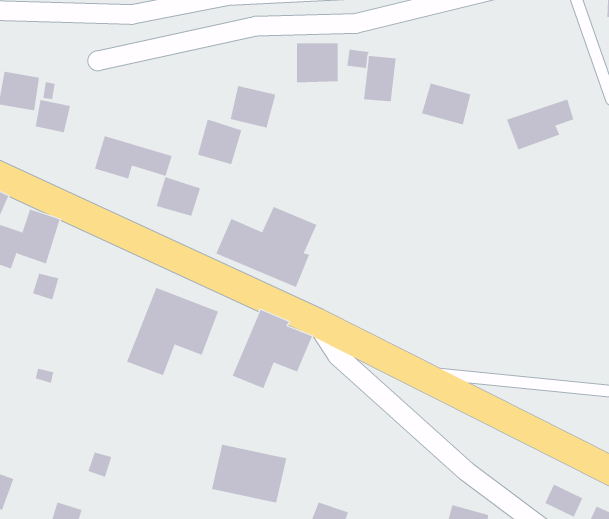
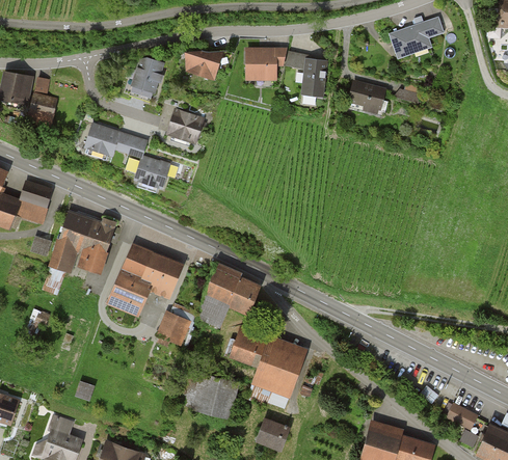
building: none -> [130,54,164,93]
building: [230,86,276,128] -> [186,46,223,80]
building: [506,99,574,150] -> [389,18,444,59]
building: [215,206,317,288] -> none
building: none -> [49,210,115,275]
building: none -> [156,309,190,345]
building: none -> [229,329,308,398]

